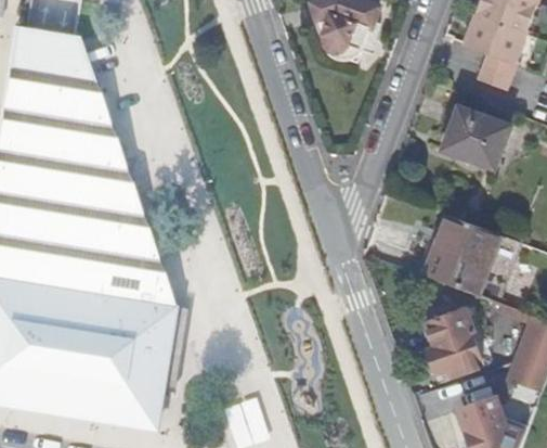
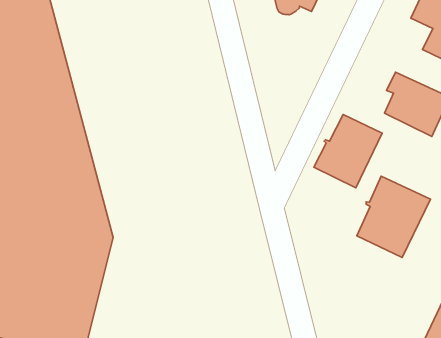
building: none -> [314,115,382,188]
building: [425,309,481,377] -> none

